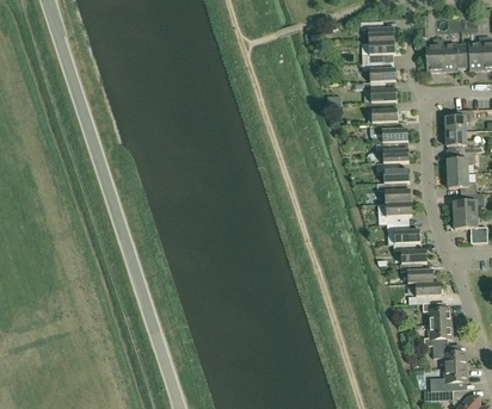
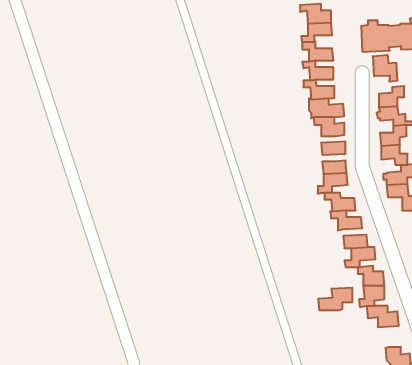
building: none -> [373,55,397,82]
building: [430,365,467,389] -> [318,288,352,310]

